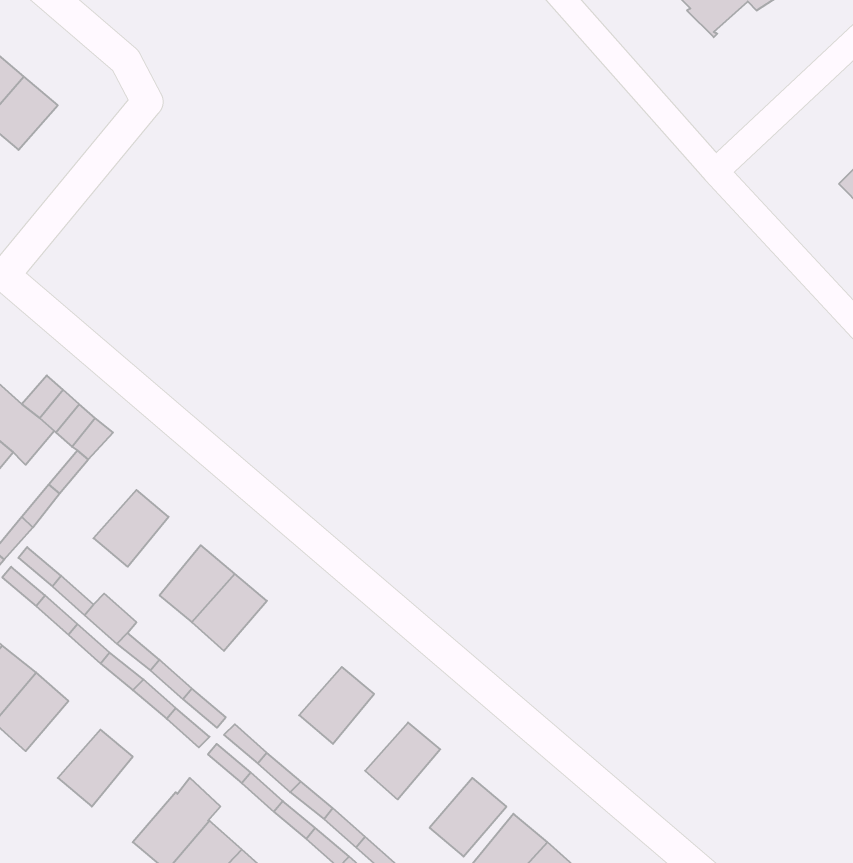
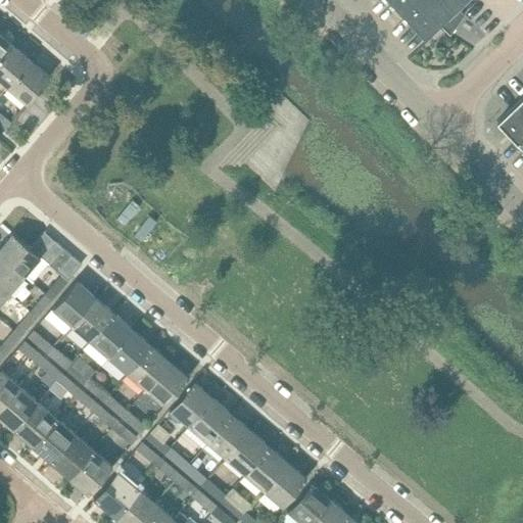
building: none -> [44,282,95,335]
building: none -> [90,314,132,359]
building: none -> [145,362,189,407]
building: none -> [170,382,212,427]
building: none -> [207,415,250,459]
building: none -> [32,419,75,463]
building: none -> [244,446,287,491]
building: none -> [69,450,112,495]

